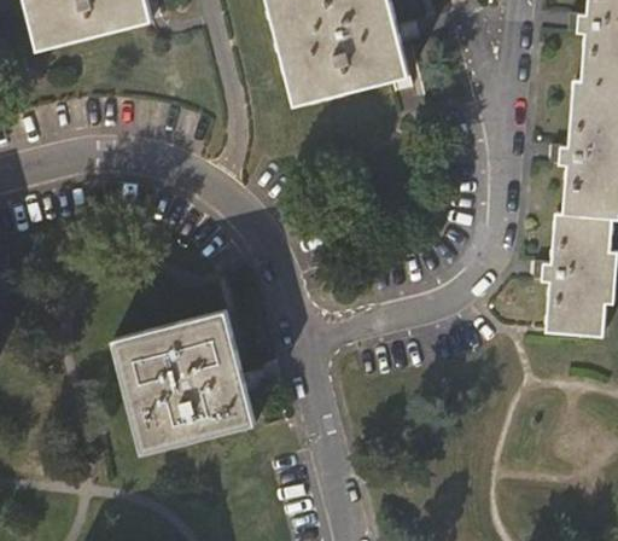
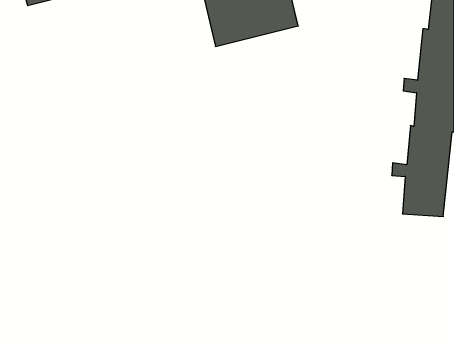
building: [111,312,256,456] -> none

